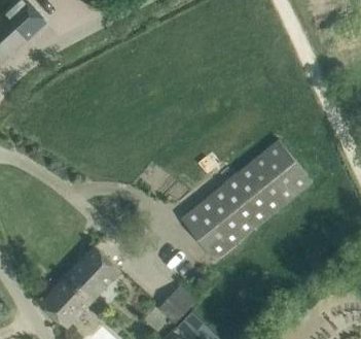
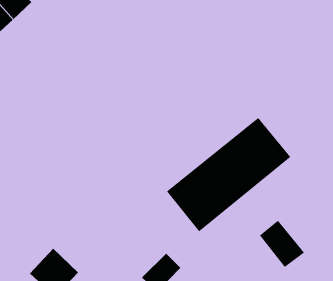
building: [66,246,121,302] -> none
building: none -> [259,220,305,268]

